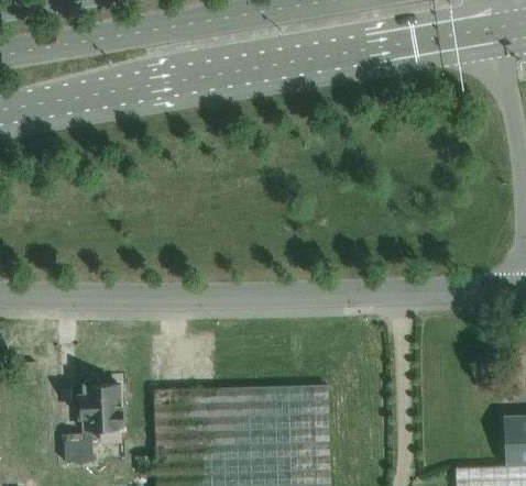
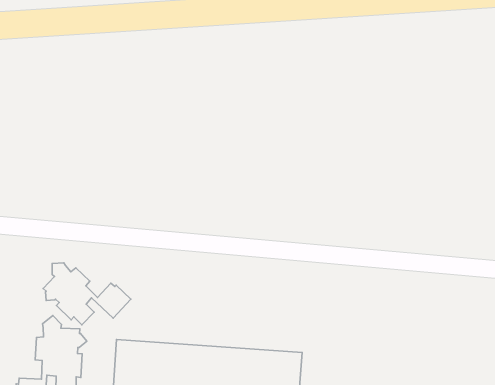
building: none -> [43,263,131,325]

